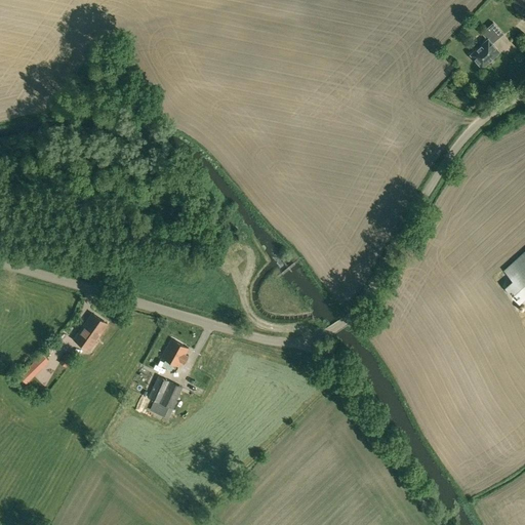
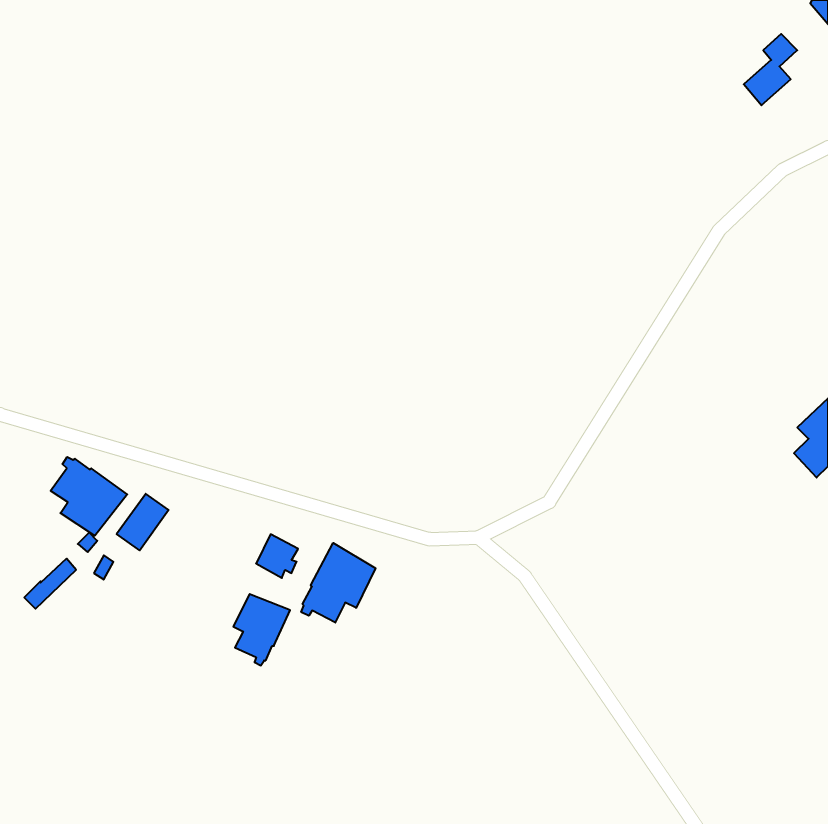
building: none -> [51,457,127,536]
building: none -> [301,543,375,623]

